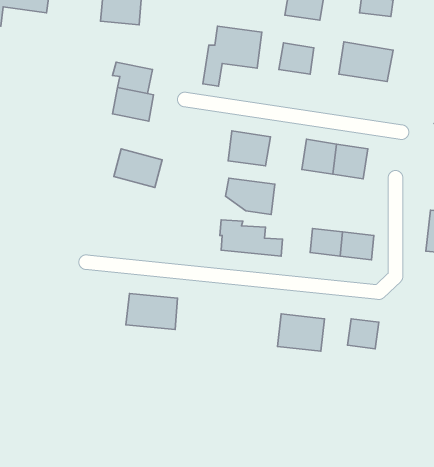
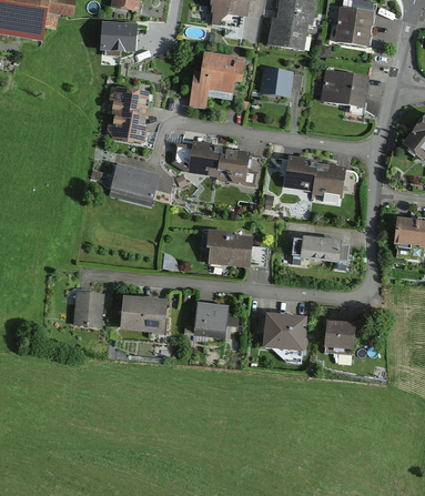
building: [225,178,275,214] -> [173,143,219,176]
building: none -> [72,294,105,330]
building: none -> [192,300,227,331]

